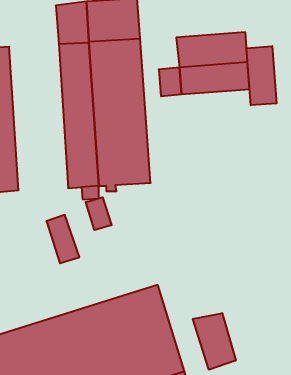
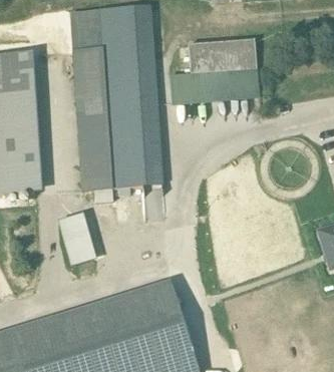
building: [246,46,277,105] -> none
building: [86,197,112,230] -> none
building: [193,313,236,370] -> none

